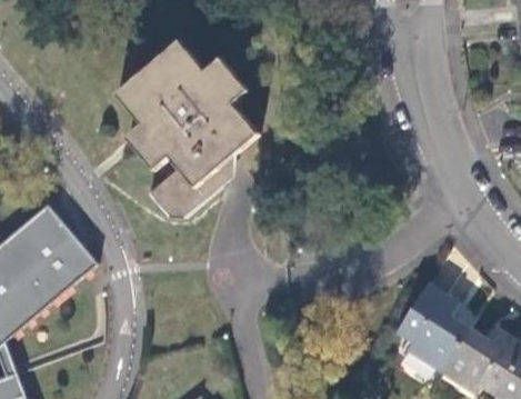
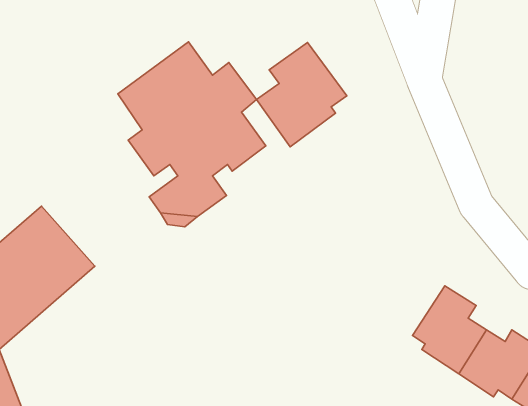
building: none -> [257,42,347,147]

